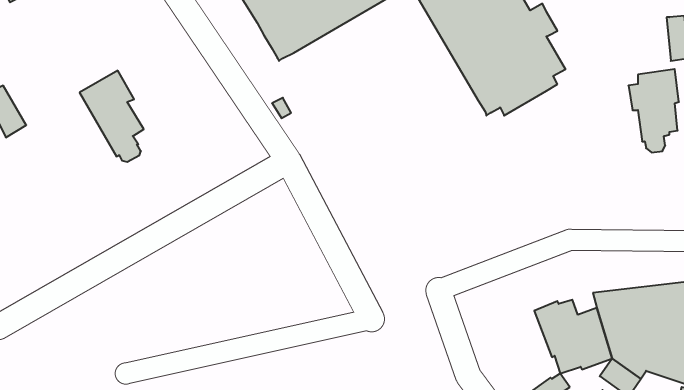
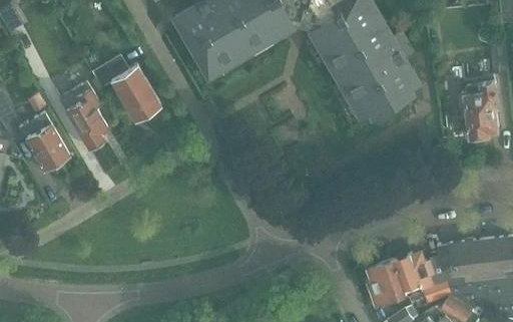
building: none -> [94,57,161,119]
building: none -> [18,114,68,172]
building: none -> [368,260,407,305]

